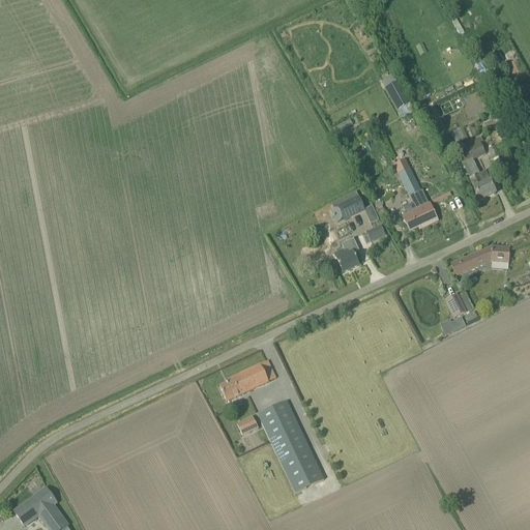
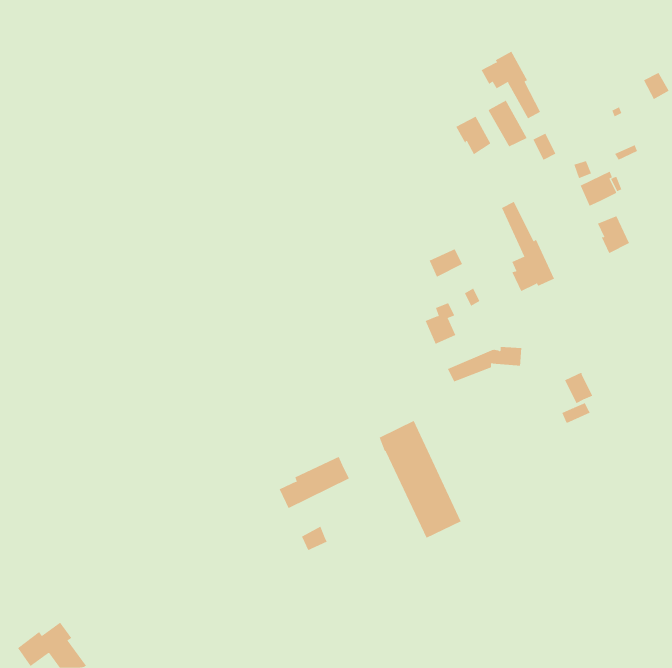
building: none -> [481,51,541,119]
building: none -> [455,116,491,155]
building: [450,245,509,273] -> [447,347,522,382]
building: [258,399,323,492] -> [379,420,462,539]

